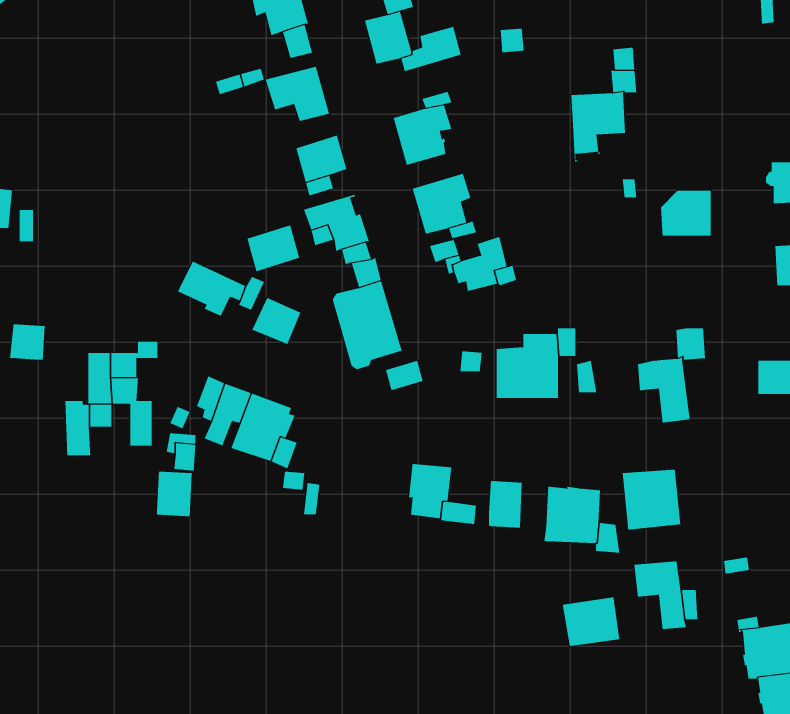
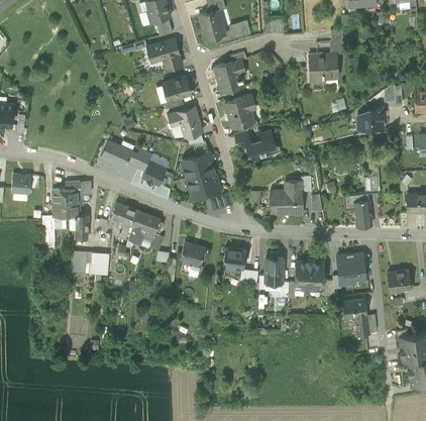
building: [247,224,300,272] -> none
building: none -> [179,242,205,276]
building: none -> [71,251,90,274]
building: none -> [387,271,410,294]
building: [562,597,620,647] -> none

